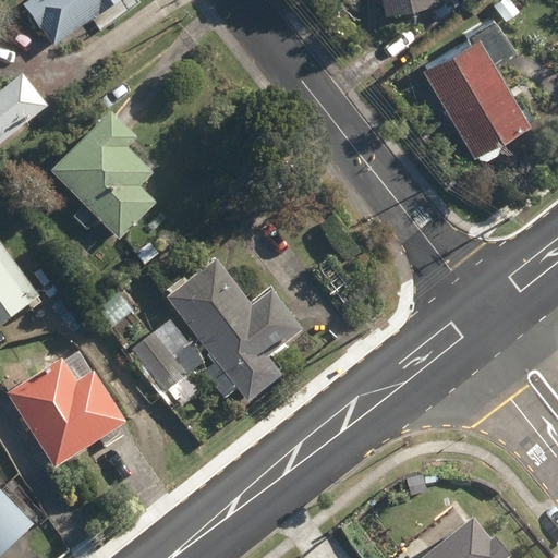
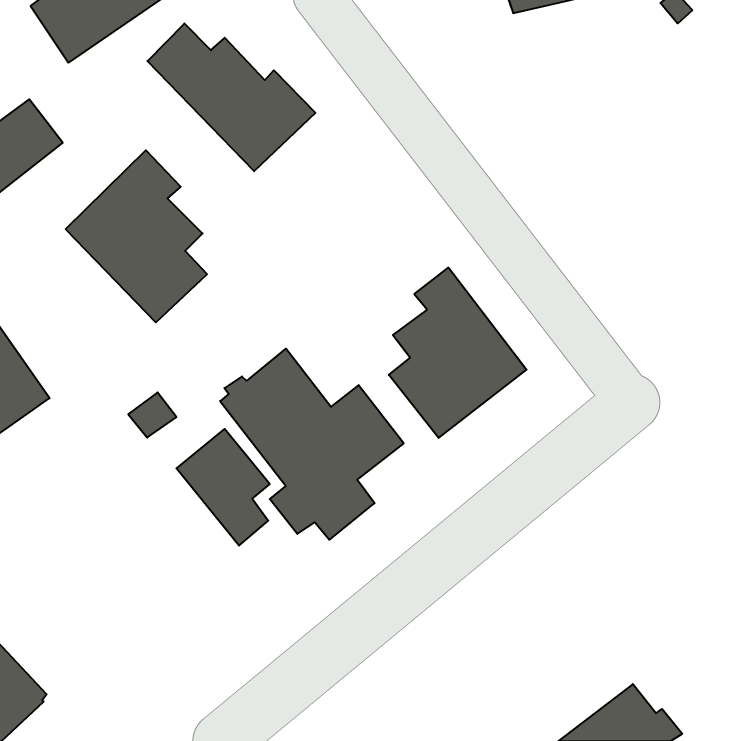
building: [424,15,530,156] -> none
building: none -> [147,23,315,171]
building: none -> [389,268,527,438]
building: [4,353,126,470] -> none

